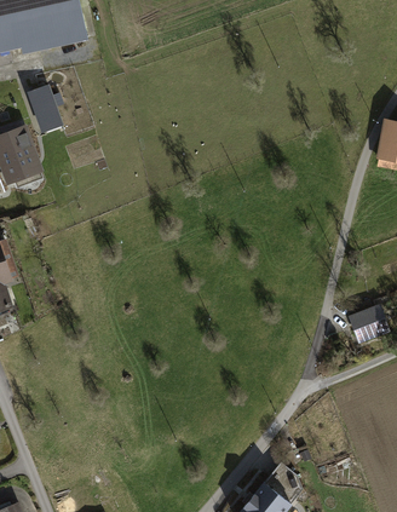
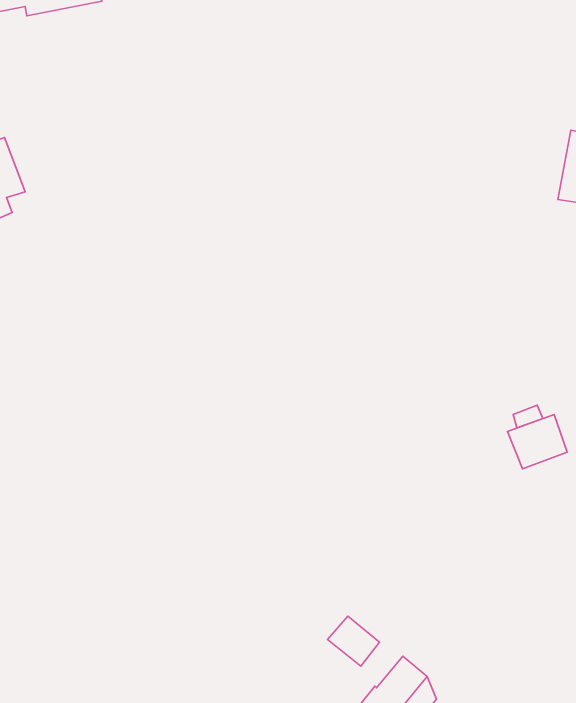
building: [29,87,61,132] -> none
building: none -> [328,616,380,666]

